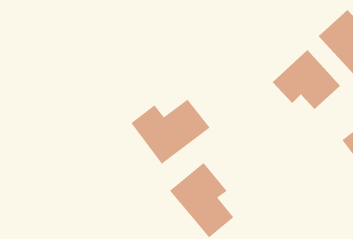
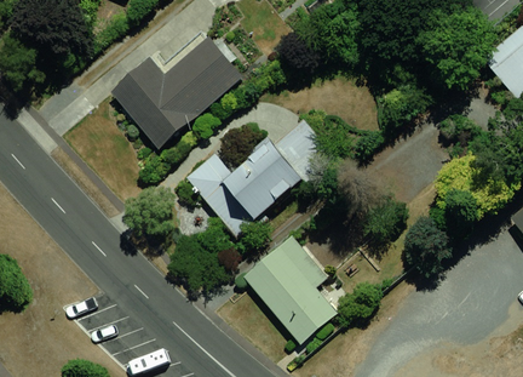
building: none -> [111,38,245,149]
building: [272,49,341,110] -> none

